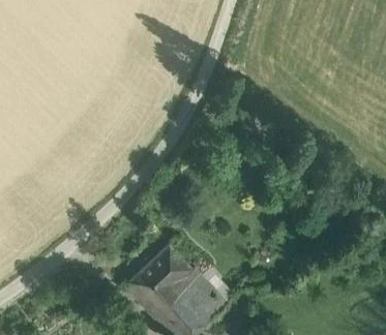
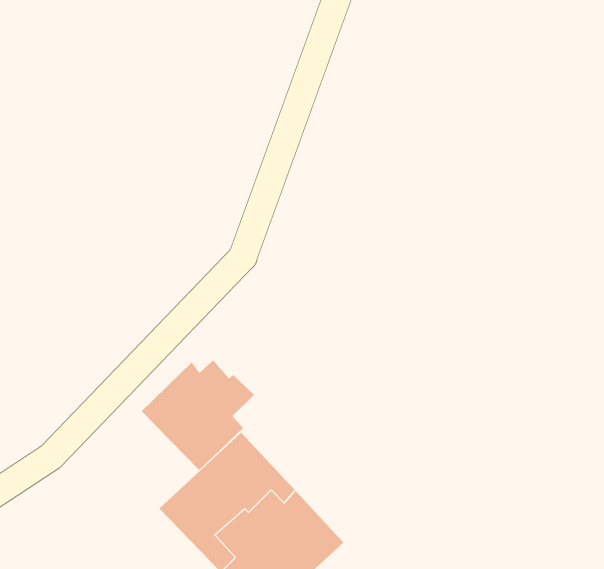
building: none -> [141,360,255,471]

